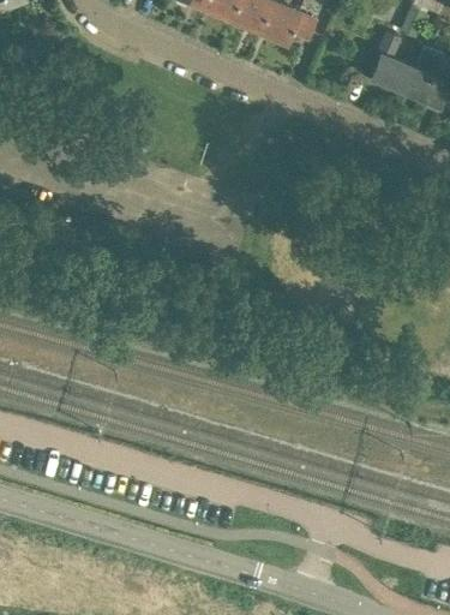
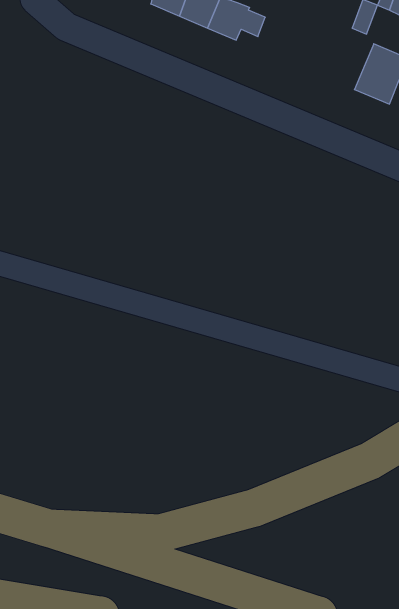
building: [366,31,410,91] -> none

